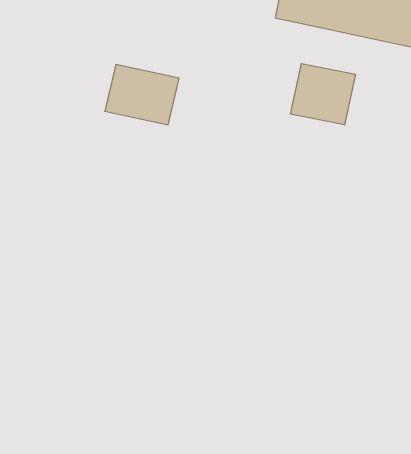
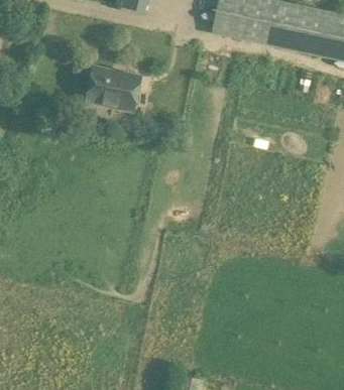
building: [291,63,355,125] -> none

